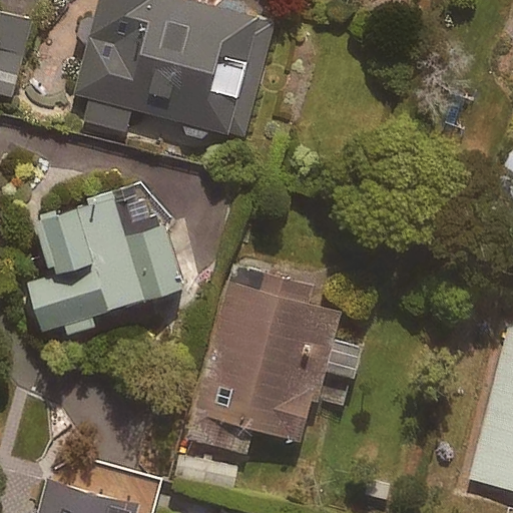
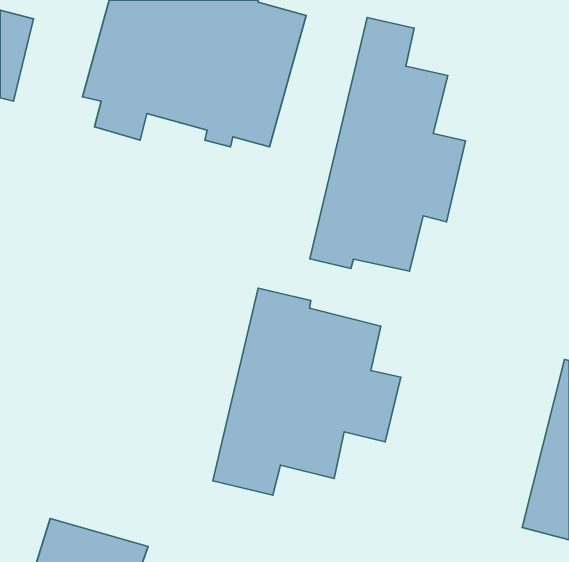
building: none -> [310,17,466,271]
building: [30,178,181,331] -> none

